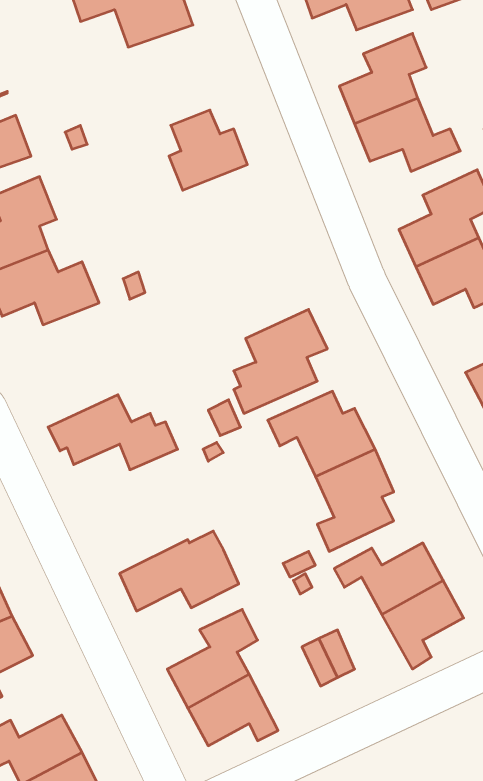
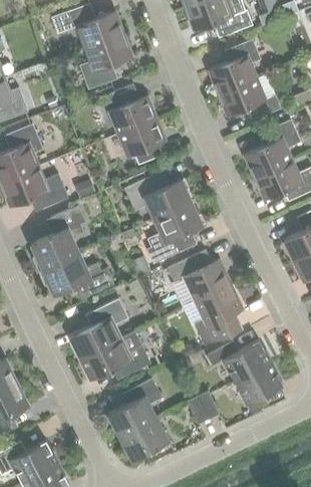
building: none -> [79,34,130,89]
building: none -> [116,116,165,165]
building: none -> [124,177,191,219]
building: none -> [30,206,84,271]
building: none -> [68,298,127,357]

